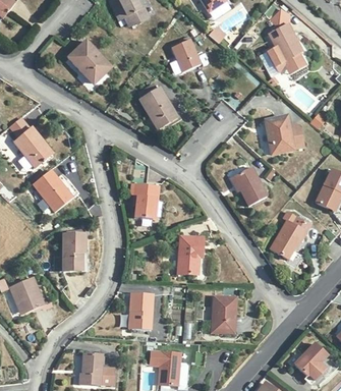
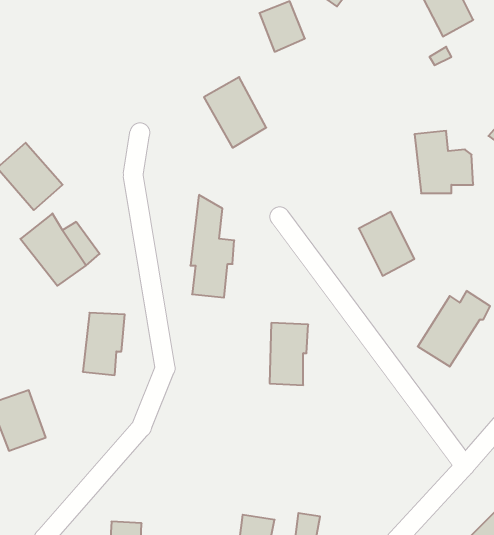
building: [68,45,113,86] -> none
building: [127,291,151,328] -> none
building: [217,294,240,330] -> none

